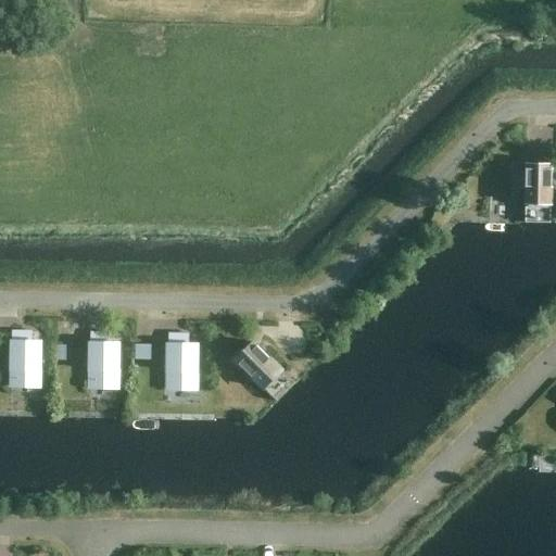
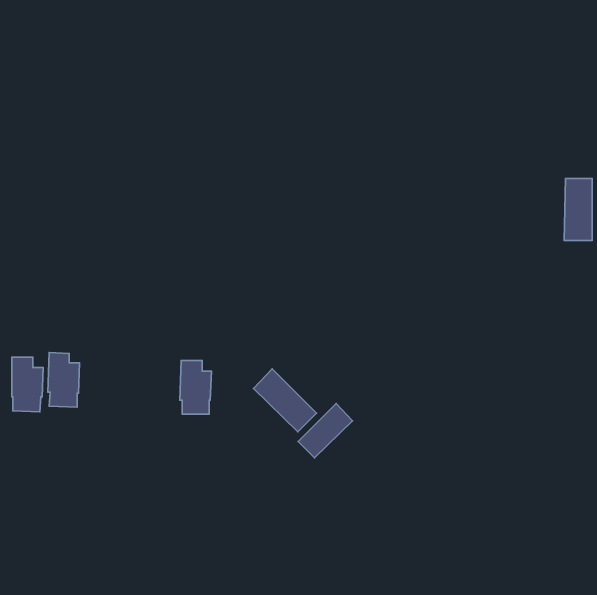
building: [89,334,118,386] -> [48,352,80,407]
building: none -> [298,403,353,458]

